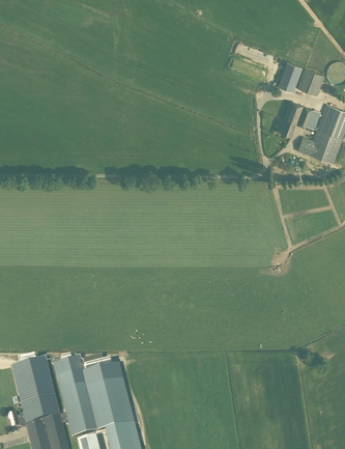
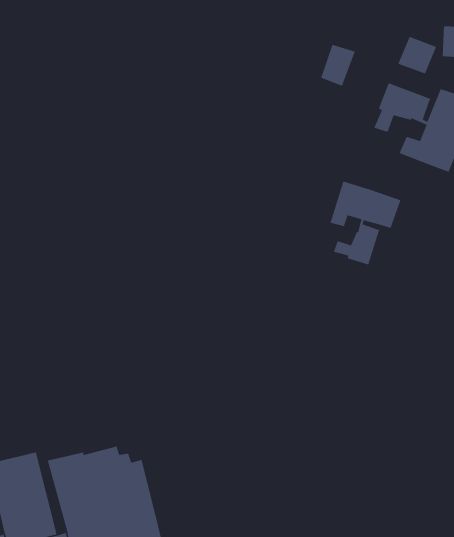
building: [278,62,303,92] -> [320,44,356,87]
building: none -> [330,181,402,266]

